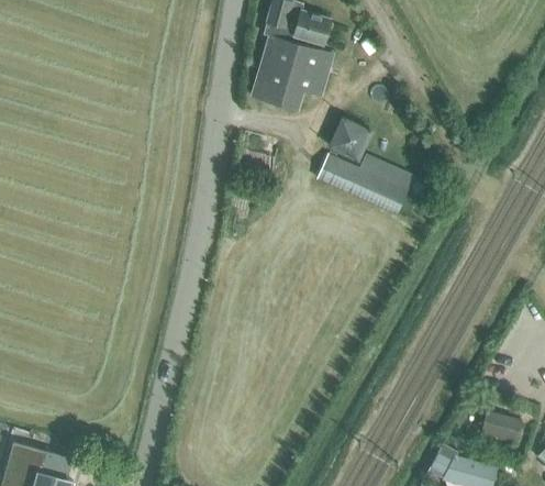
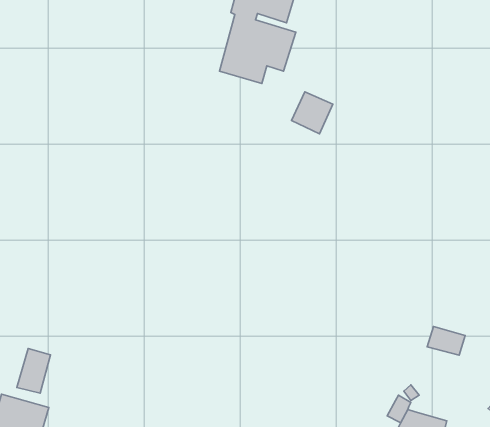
building: [316,154,415,216] -> none
building: none -> [17,348,51,393]
building: [481,410,522,441] -> [427,326,465,355]

